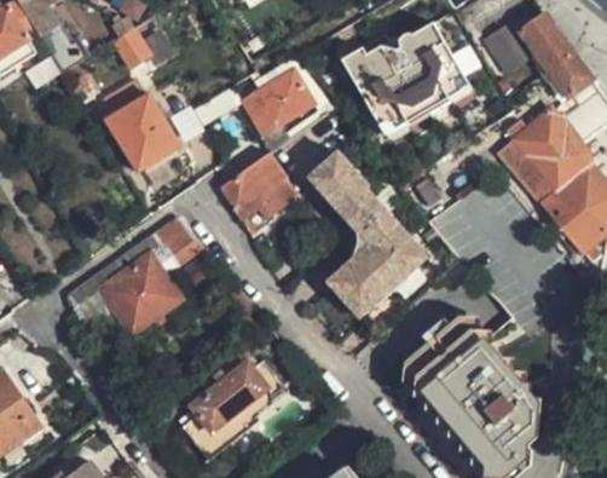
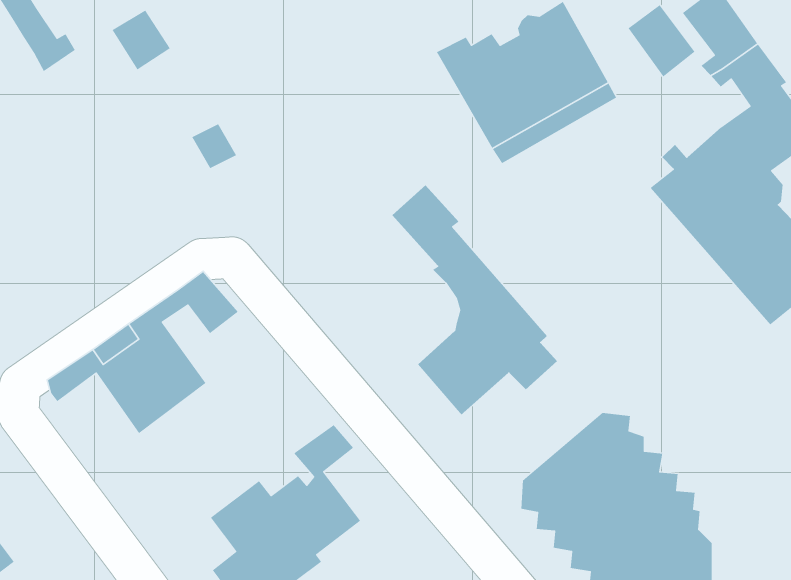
building: [239,69,314,133] -> none
building: [106,97,180,172] -> none
building: [218,151,297,217] -> none

